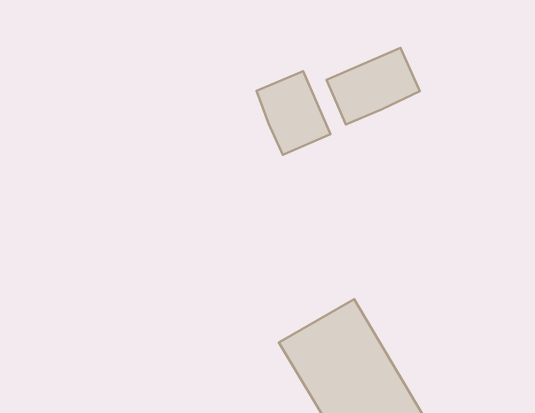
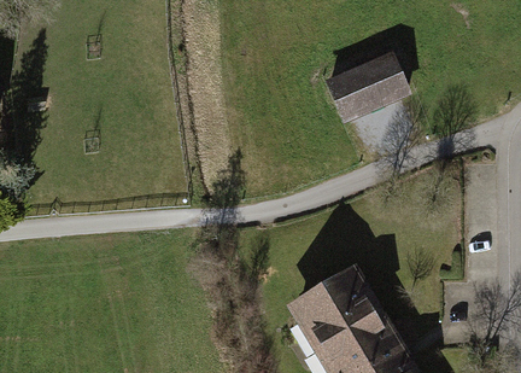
building: [256,71,331,155] -> none

